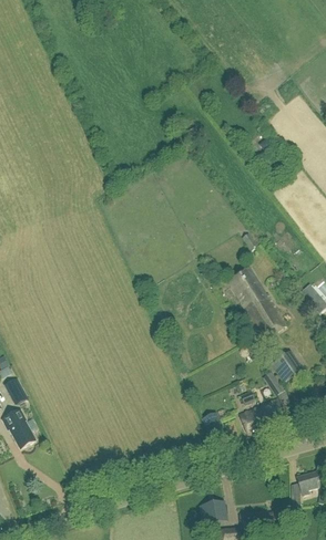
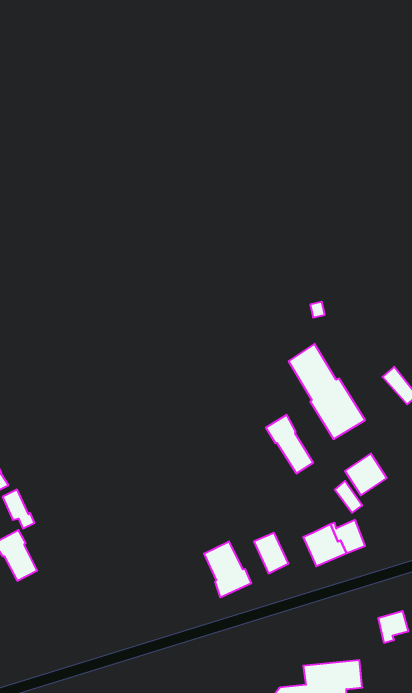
building: none -> [266,415,313,474]
building: none -> [204,541,251,597]
building: [200,500,228,523] -> none

